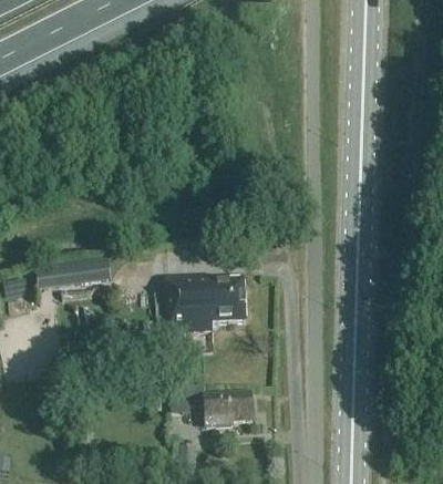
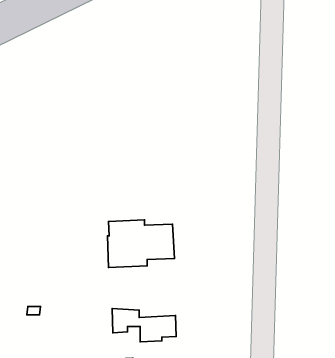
building: [41,253,116,296] -> none

